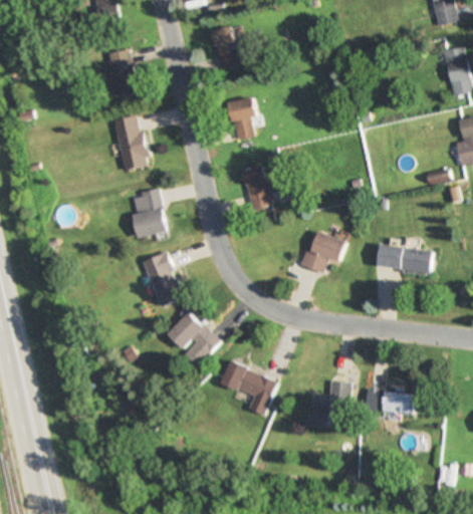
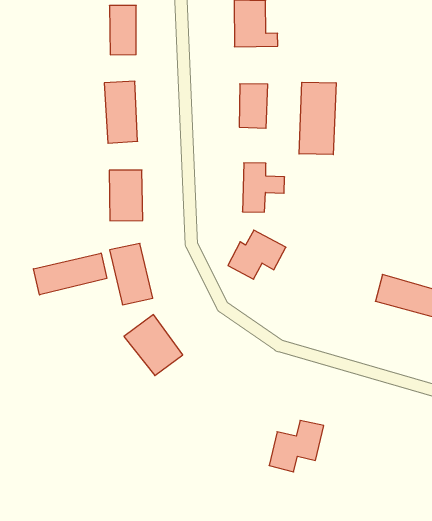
building: none -> [299,82,336,155]
building: [298,230,345,272] -> [228,230,286,279]
building: none -> [33,253,107,295]
building: [220,361,277,415] -> none
building: [366,389,413,414] -> none

